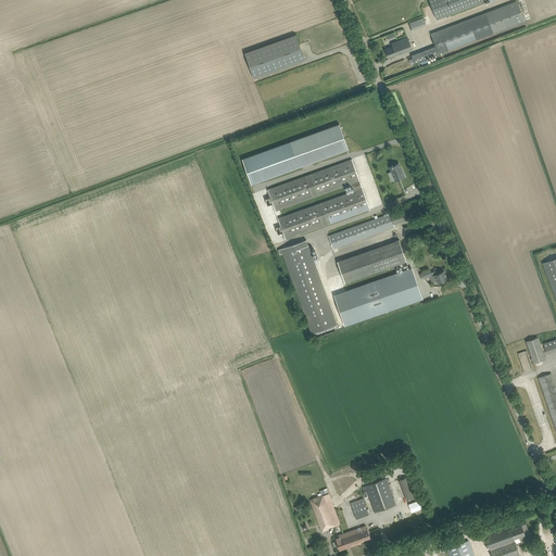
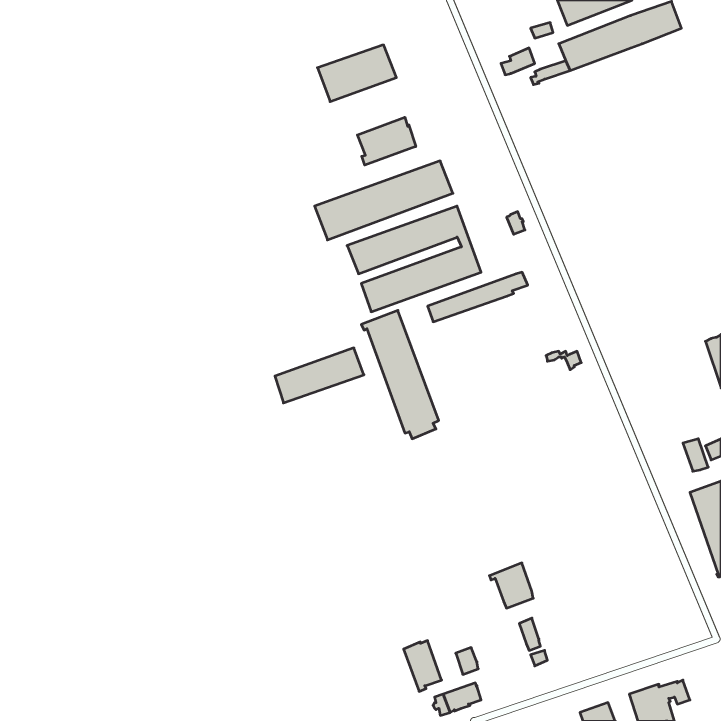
building: none -> [357,117,416,165]
building: [338,240,406,282] -> [275,348,364,403]
building: [336,268,419,323] -> none
building: [362,478,395,513] -> [489,563,533,608]

